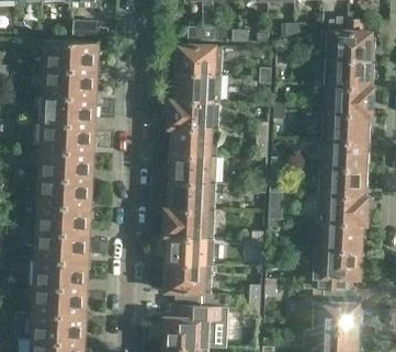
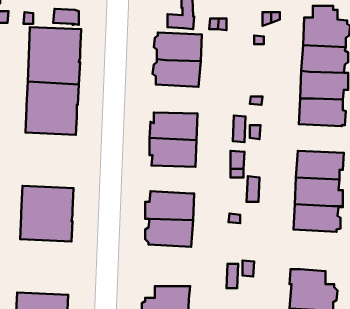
building: [170,99,218,128] -> none
building: [320,139,369,169] -> none
building: [37,148,92,205] -> none
building: [166,182,215,211] -> none
building: [303,248,363,291] -> none
building: [32,258,88,315] -> none
building: [162,263,225,307] -> none

